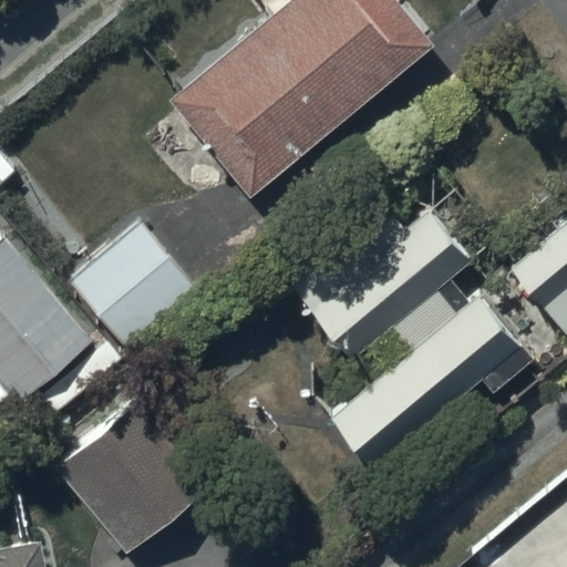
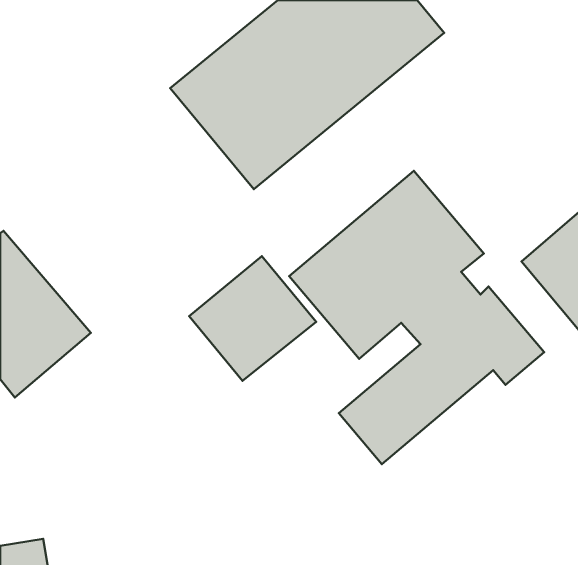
building: [68,224,192,346] -> [189,256,316,381]
building: [53,392,217,556] -> none

